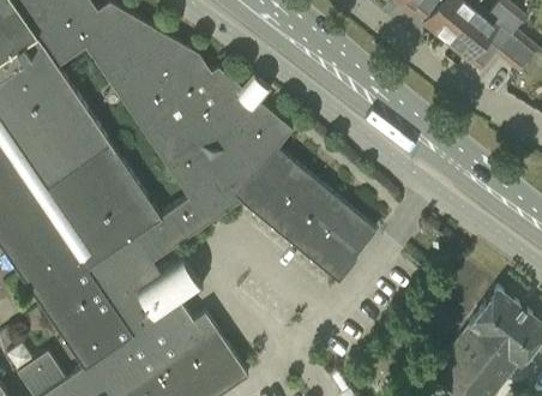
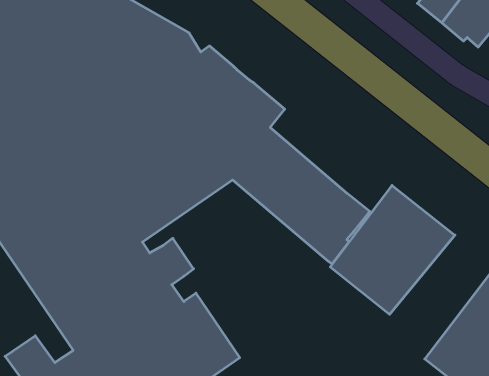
building: none -> [330,185,455,314]

